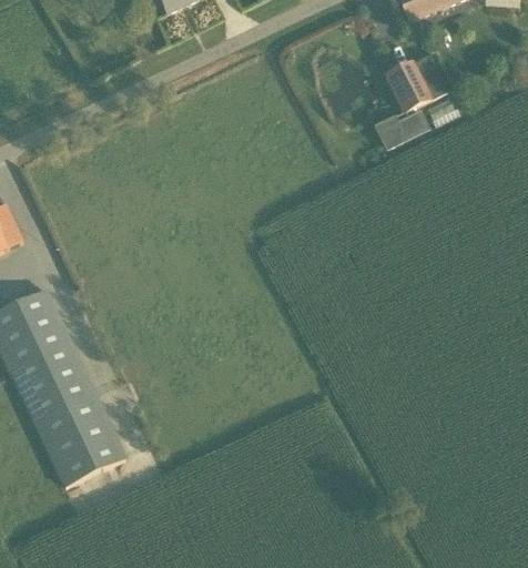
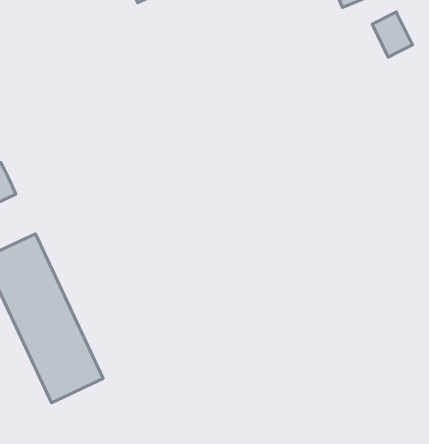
building: [385,60,433,113] -> [372,12,412,57]
building: [379,111,427,146] -> none

